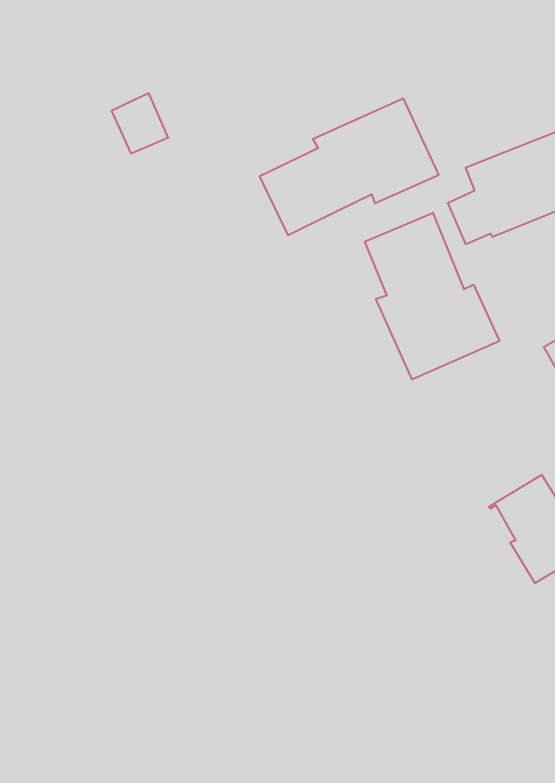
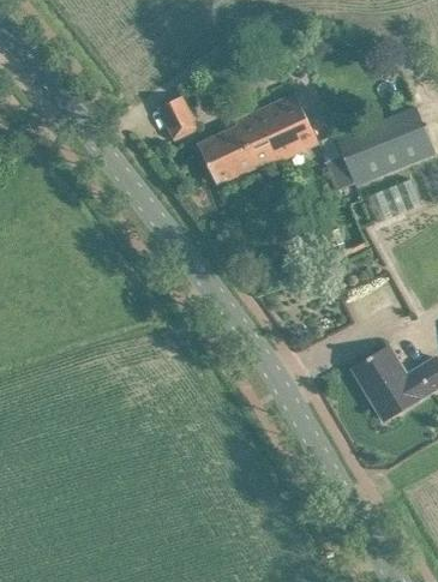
building: [111,93,168,154] -> [158,98,197,139]
building: [365,213,499,379] -> none

